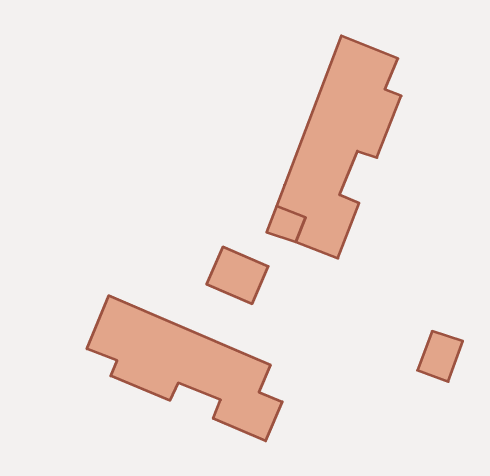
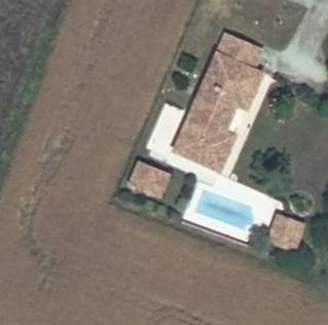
building: [87,296,282,441] -> none

